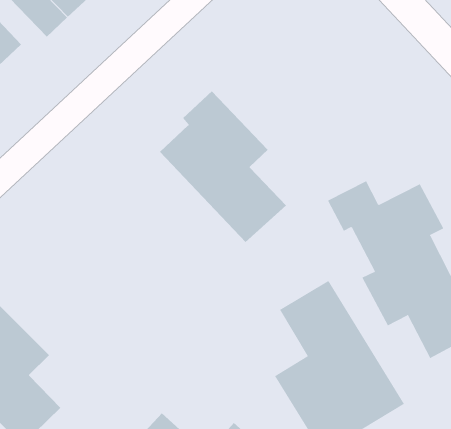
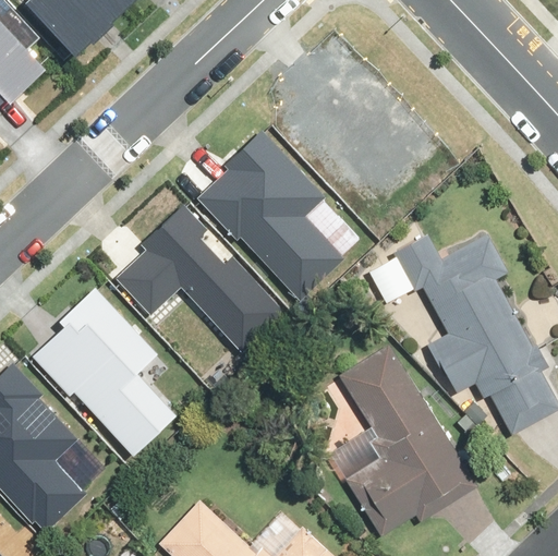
building: none -> [114,201,284,351]
building: none -> [28,287,169,452]

